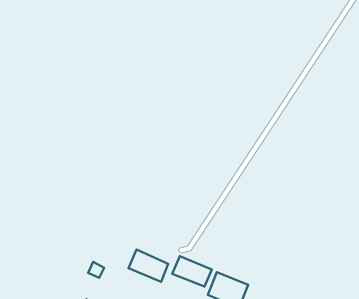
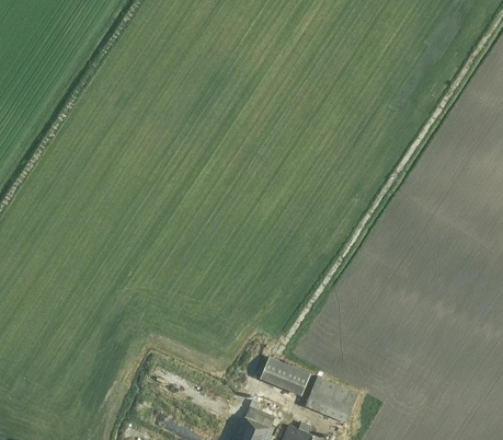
building: [129,249,168,282] -> none

